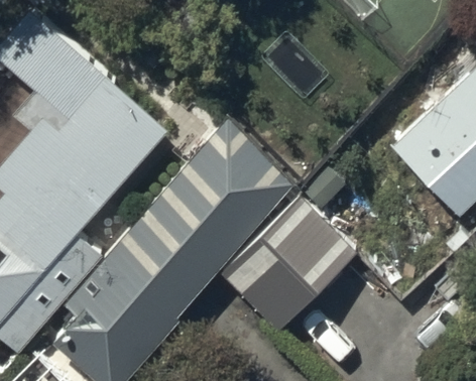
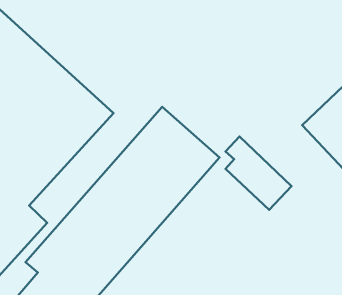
building: [223,203,353,332] -> none

